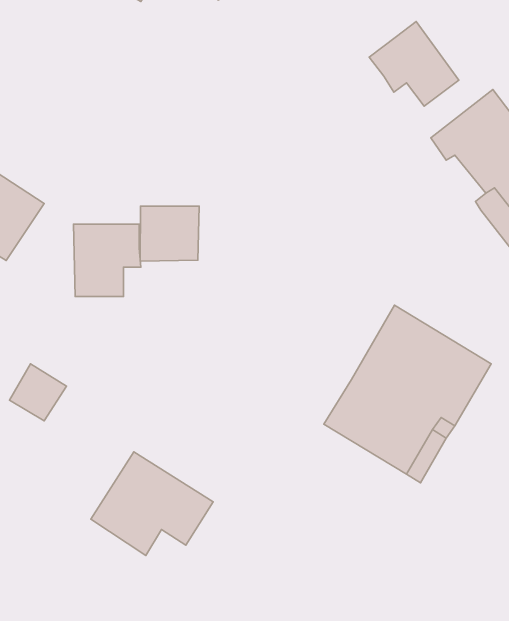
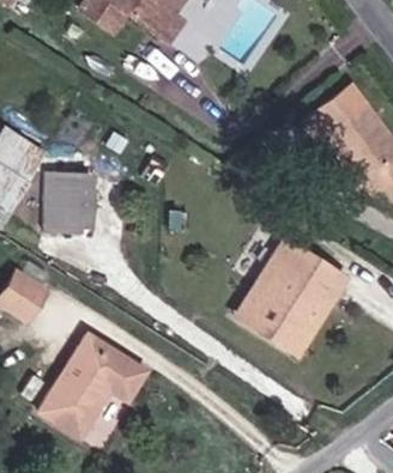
building: [369,21,459,106] -> none
building: [140,206,199,261] -> none
building: none -> [49,383,108,441]

